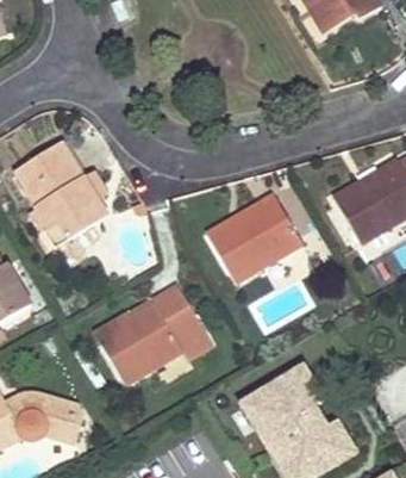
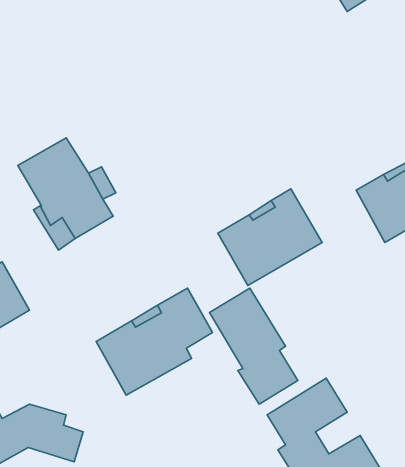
building: none -> [209,288,298,404]

